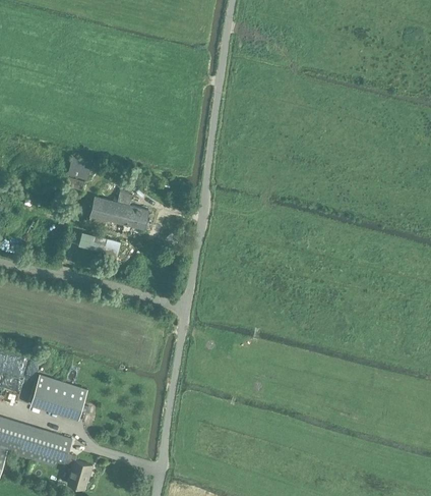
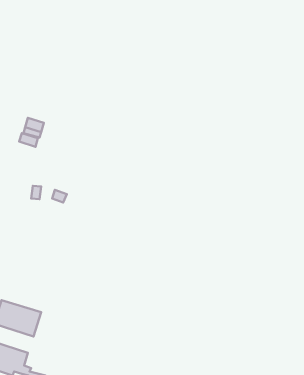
building: [88,191,148,234] -> none

